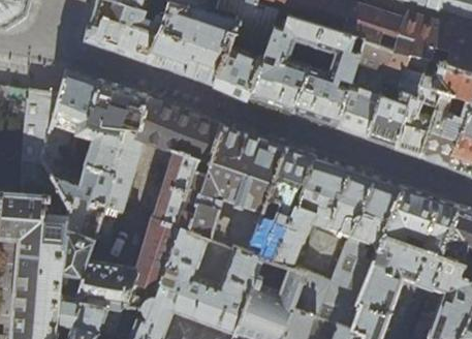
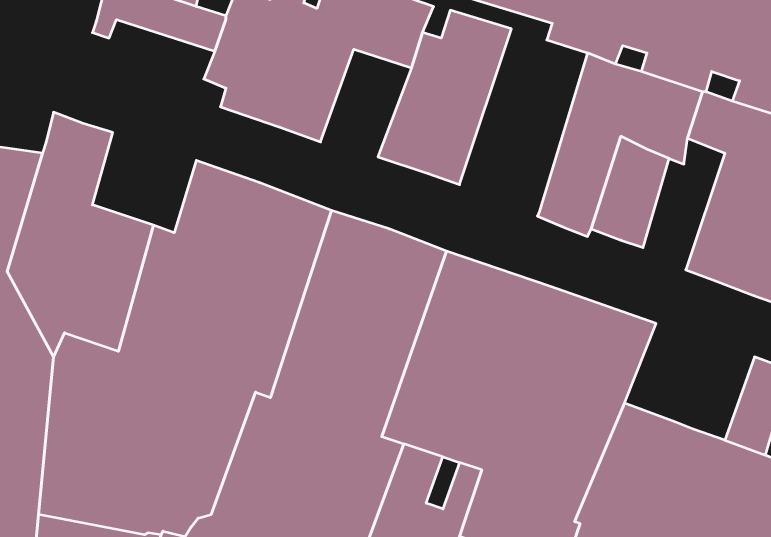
building: [84,21,162,69] -> none
building: [292,26,364,128] -> none
building: [215,37,265,100] -> none
building: [88,84,146,140] -> none
building: [395,87,440,160] -> none
building: [384,190,457,255] -> none

